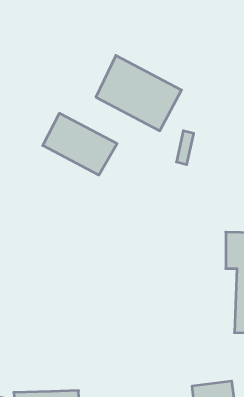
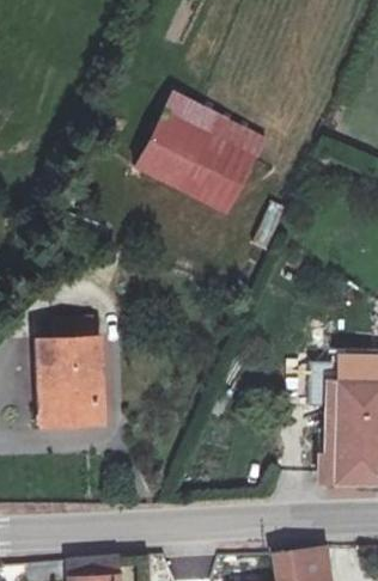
building: [43,113,117,175] -> none
building: none -> [36,341,105,429]

